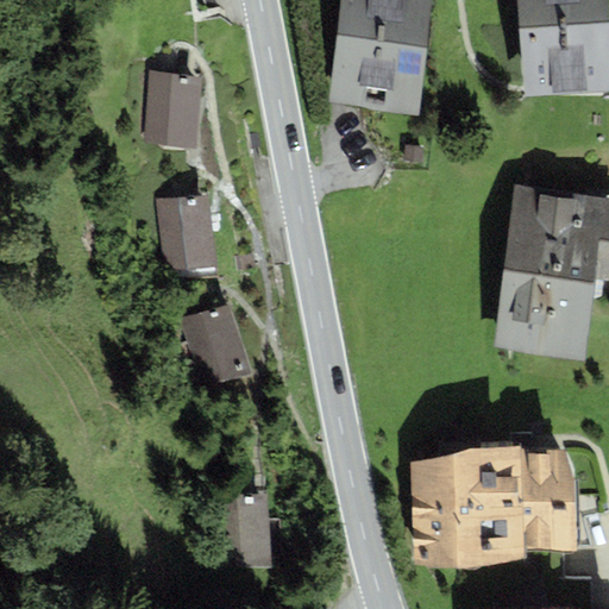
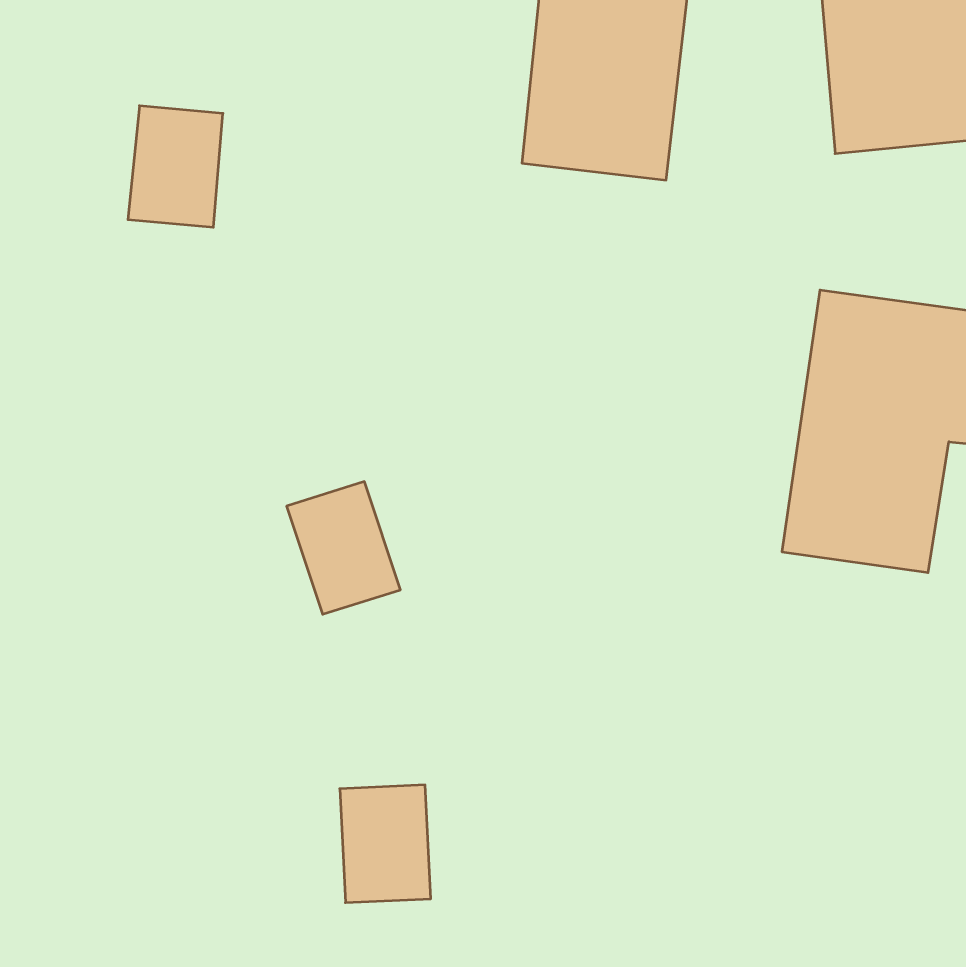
building: [144,70,203,146] -> [128,106,223,227]
building: [158,193,219,270] -> none
building: [412,450,570,569] -> none

